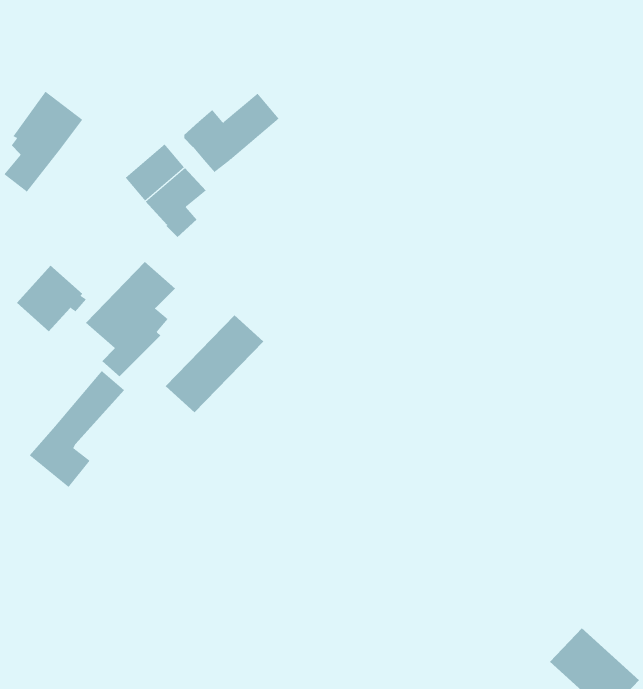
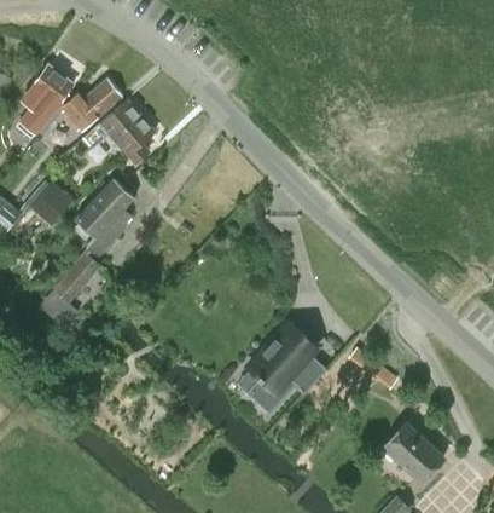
building: [183,93,279,173] -> [58,79,122,132]
building: [165,314,264,413] -> none
building: none -> [236,318,326,414]

